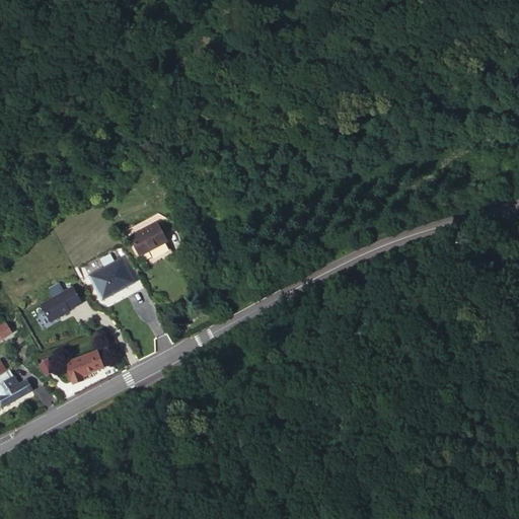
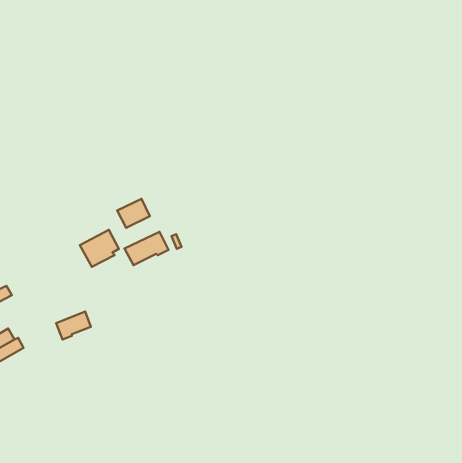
building: none -> [125,232,169,265]
building: [39,286,80,320] -> none

